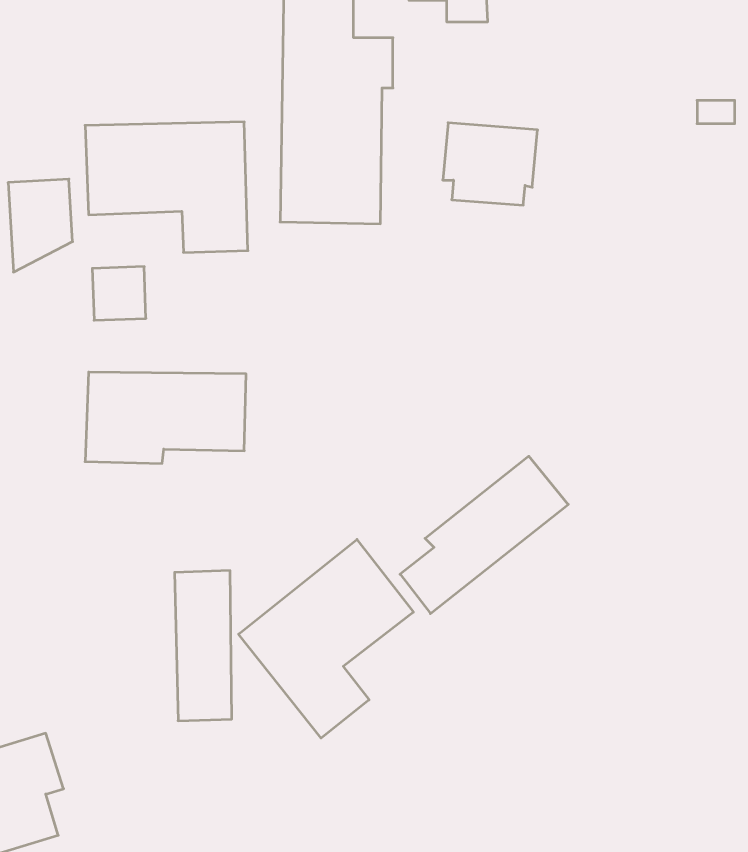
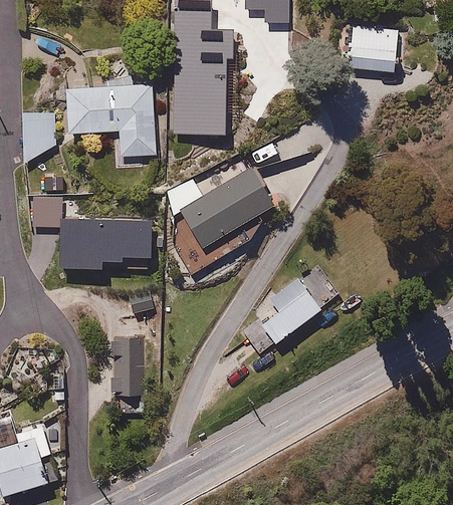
building: [443,123,538,205] -> [347,24,400,70]
building: [92,267,146,320] -> [31,197,61,227]
building: none -> [172,166,271,270]
building: [239,539,413,738] -> none

